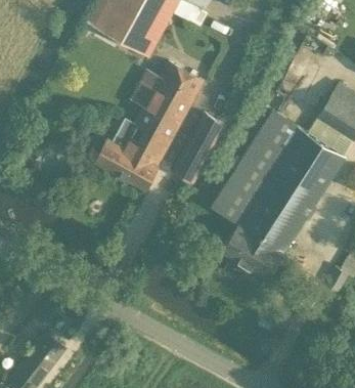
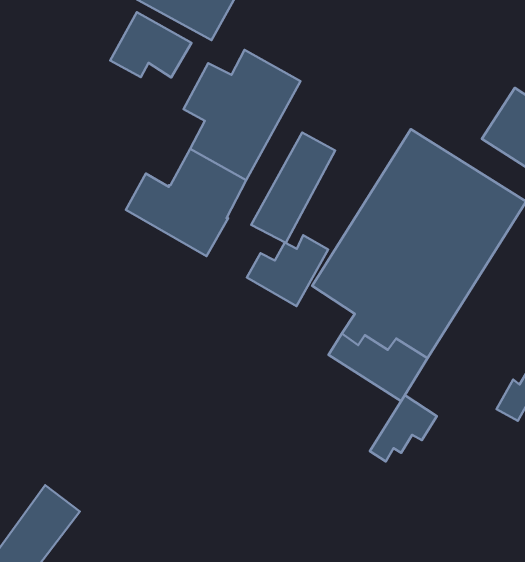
building: none -> [110,12,192,77]
building: none -> [247,235,328,306]
building: none -> [370,395,437,461]

